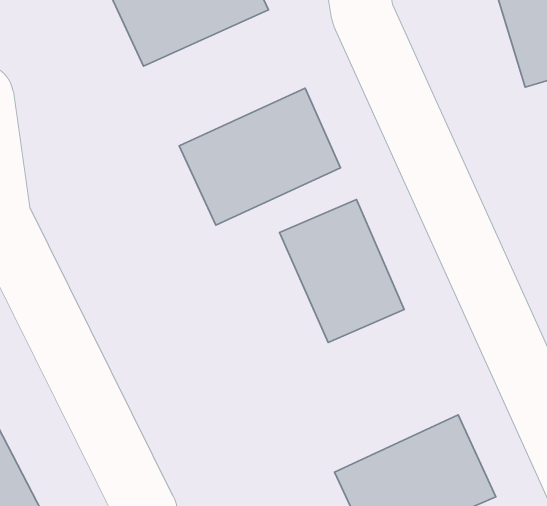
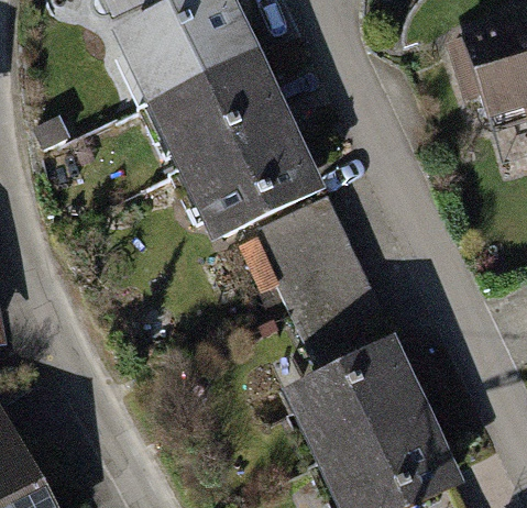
building: none -> [145,48,290,170]
building: none -> [282,339,428,464]

